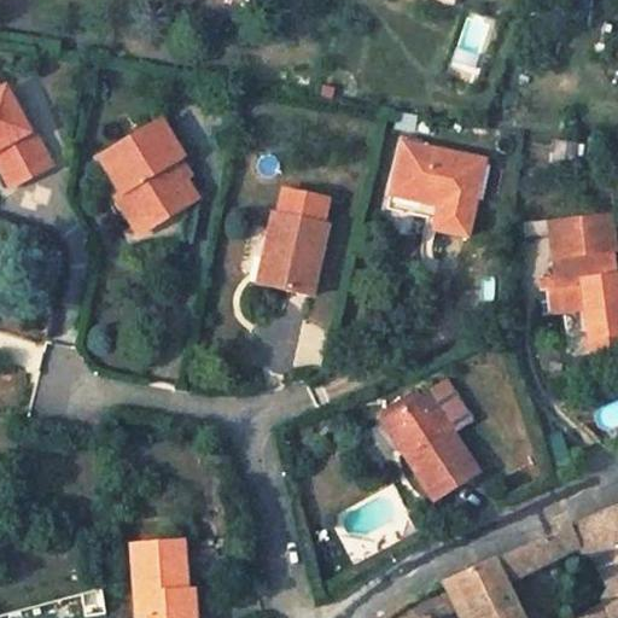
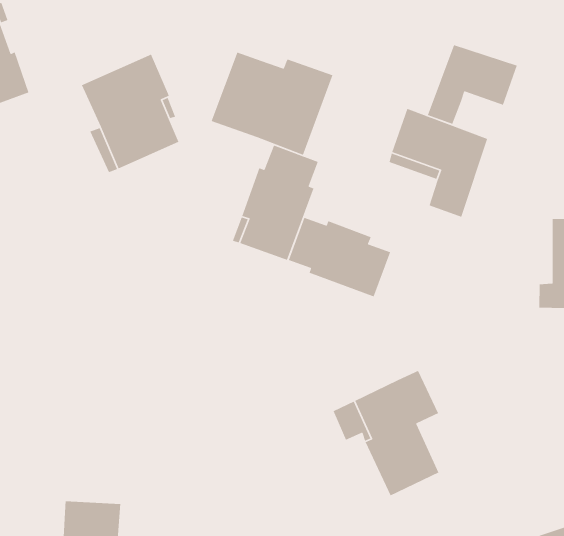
building: none -> [427,44,518,125]
building: none -> [211,51,333,156]
building: none -> [288,217,391,297]

